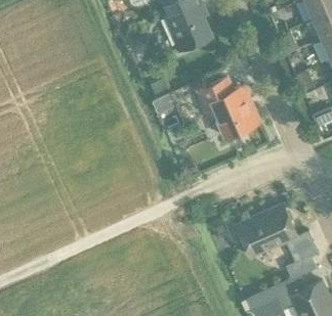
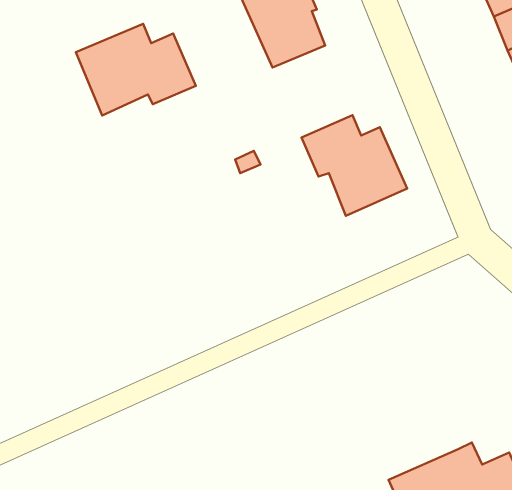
building: none -> [76,24,196,115]
building: [236,205,319,279] -> none

